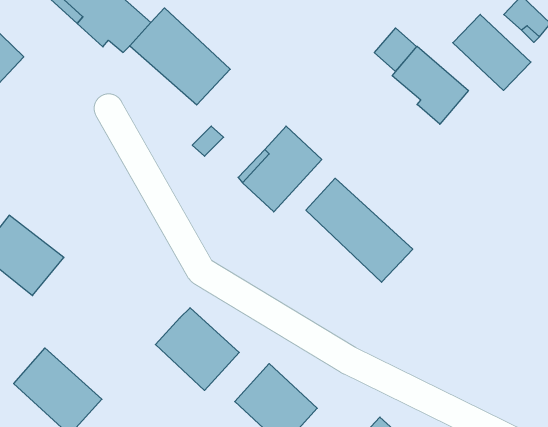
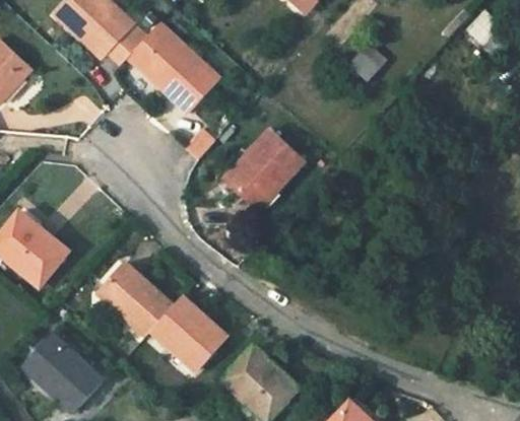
building: [453,14,531,90] -> none
building: [392,46,468,124] -> none
building: [306,178,413,282] -> none
building: none -> [96,262,174,336]

